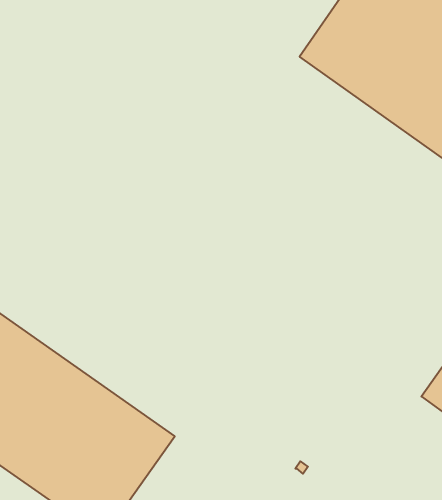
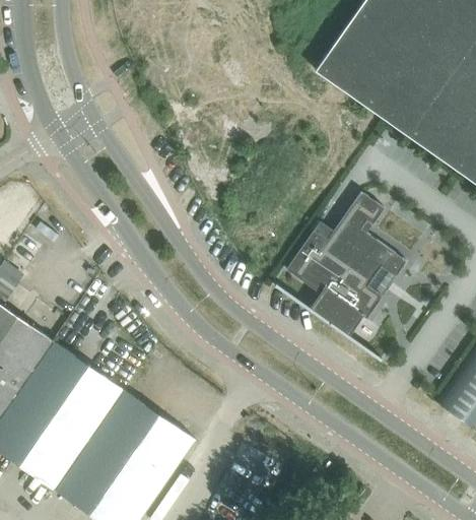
building: none -> [286,191,407,339]

